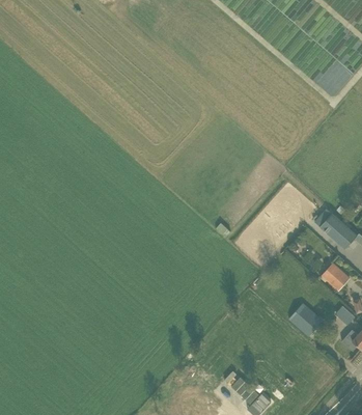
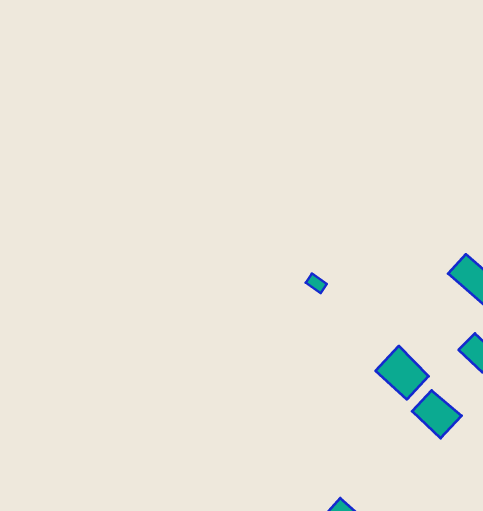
building: none -> [376,346,429,399]

